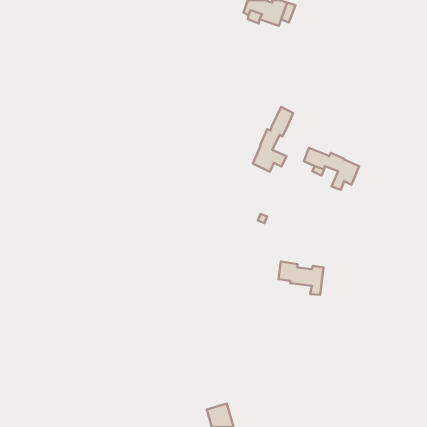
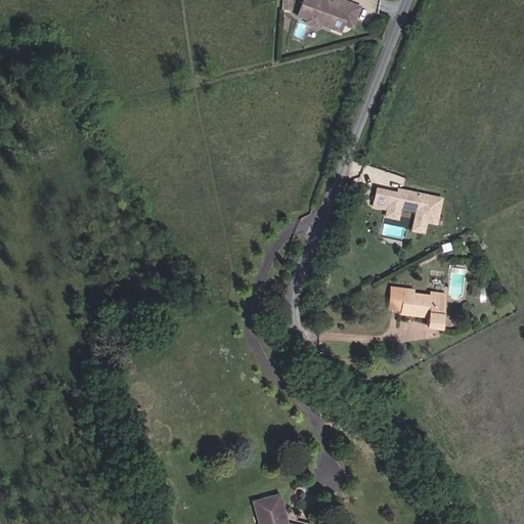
building: [253,107,293,172] -> none
building: [278,262,324,295] -> [389,288,444,329]

